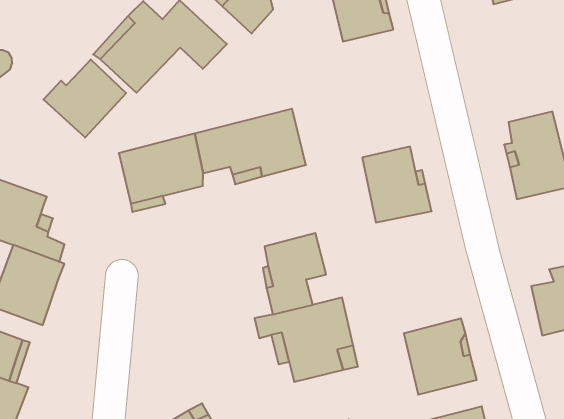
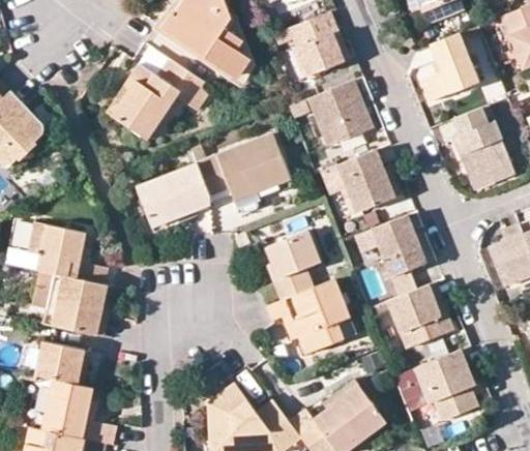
building: none -> [416,33,474,101]
building: none -> [307,81,370,148]
building: [43,59,126,138] -> none
building: none -> [370,216,422,277]

